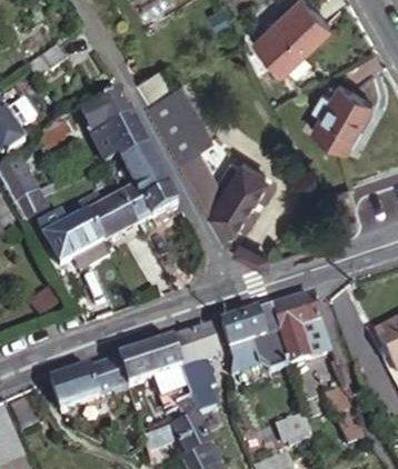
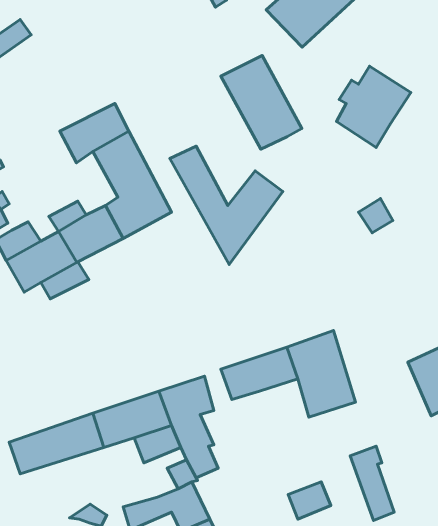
building: [148,79,213,154] -> [221,56,302,149]
building: [79,86,136,132] -> none
building: [252,332,292,370] -> none

